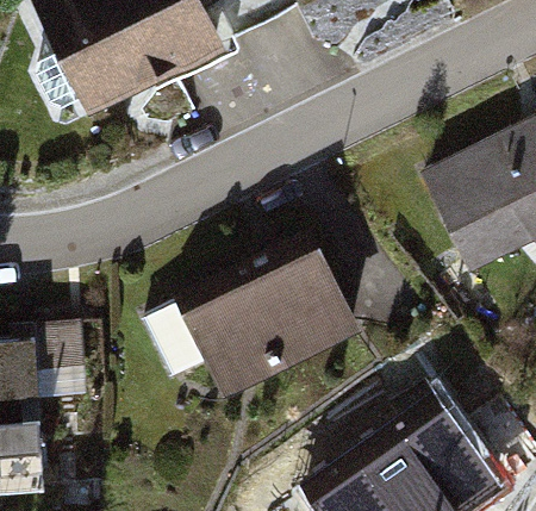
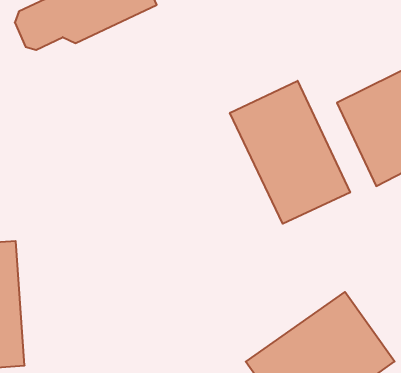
building: none -> [230,81,350,224]
building: [136,242,355,391] -> none

